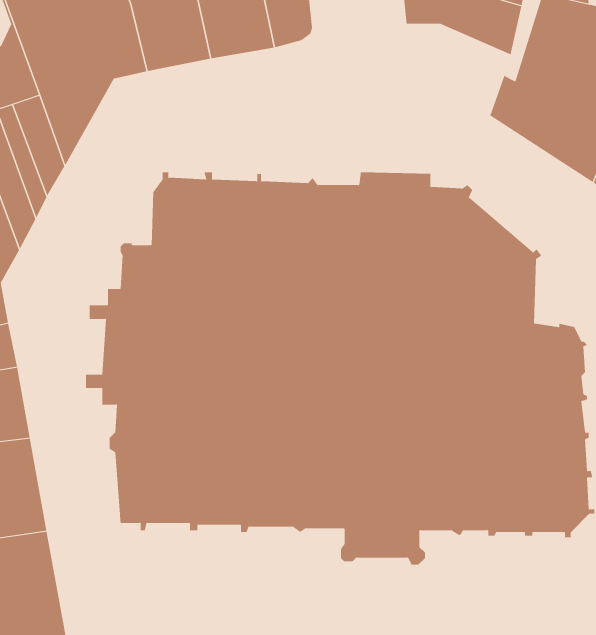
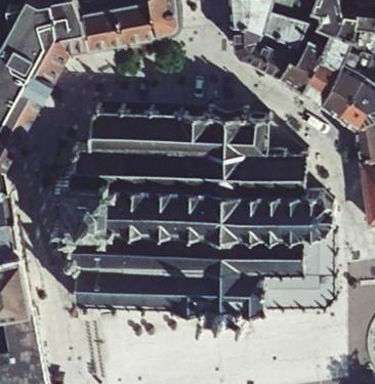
building: none -> [232,24,291,75]

